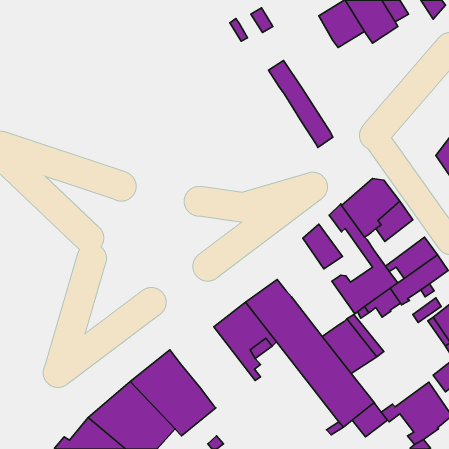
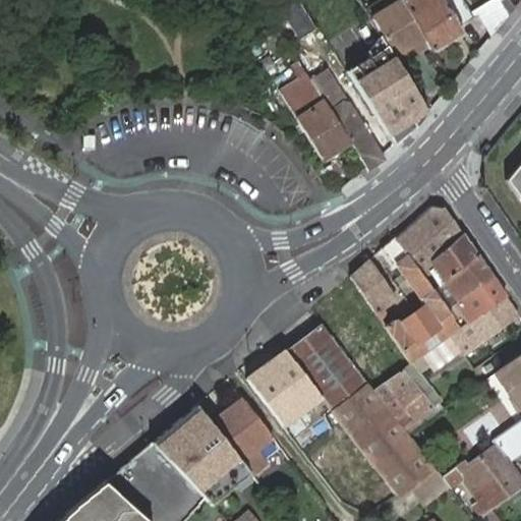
building: none -> [345,47,424,146]
building: none -> [277,57,350,159]
building: none -> [433,254,491,308]
building: none -> [210,397,274,470]

